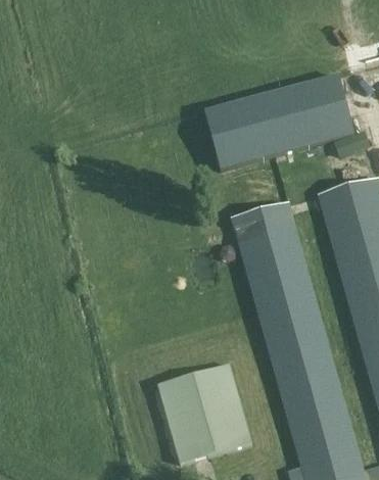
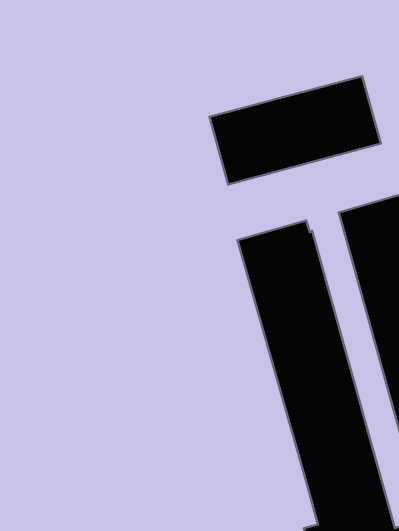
building: [155,363,249,462] -> none

